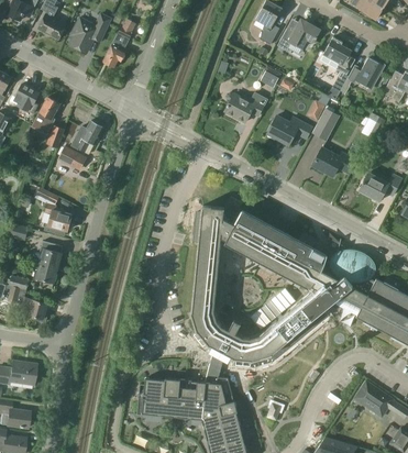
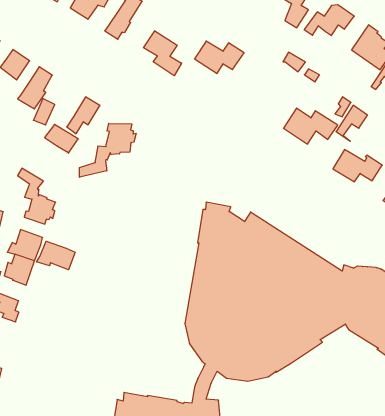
building: none -> [144,31,182,76]
building: [224,93,267,121] -> [195,41,244,73]
building: none -> [80,123,136,177]
building: none -> [37,241,75,270]

